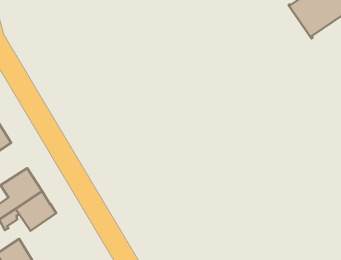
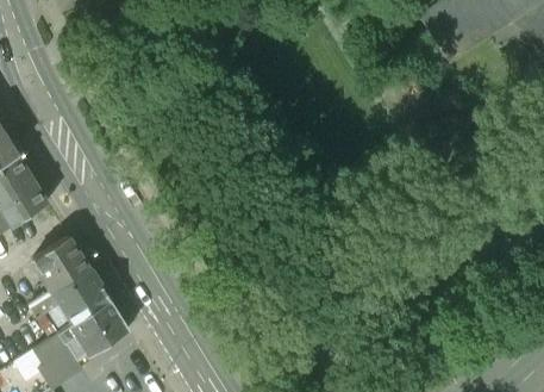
building: none -> [73,298,129,354]

